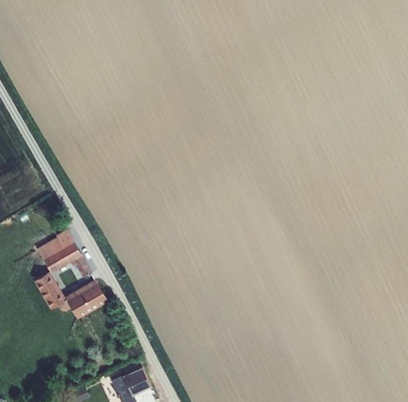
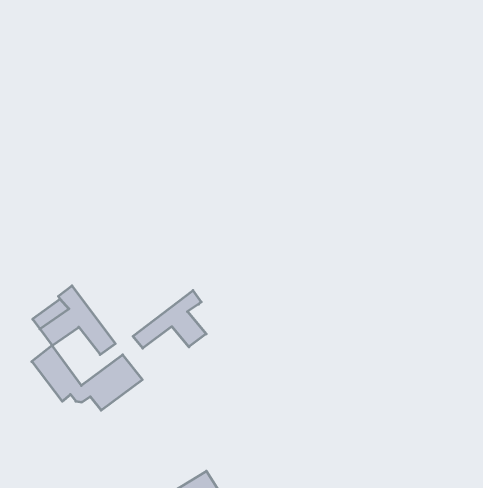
building: none -> [133,290,206,348]

